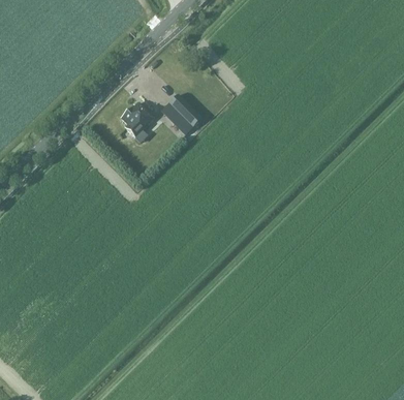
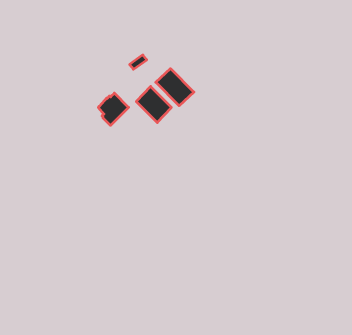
building: none -> [156,69,194,106]

